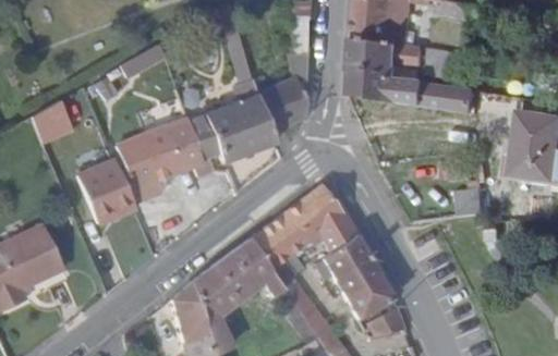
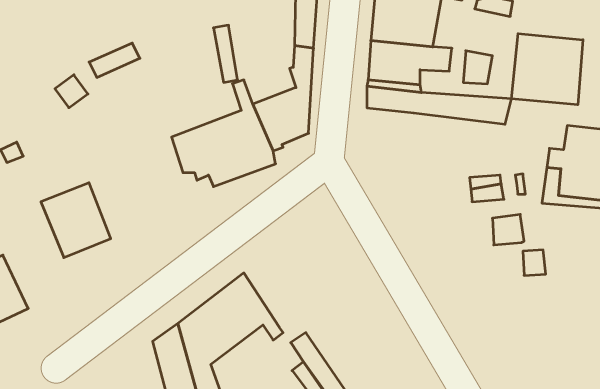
building: none -> [511,34,583,105]
building: [116,122,213,201] -> none
building: [248,184,398,324] -> none

